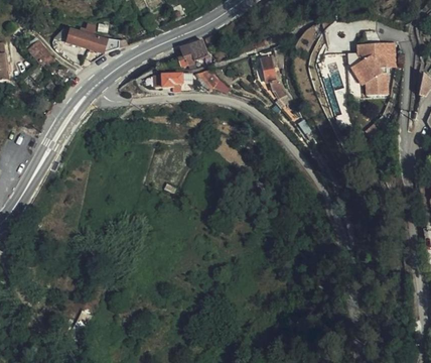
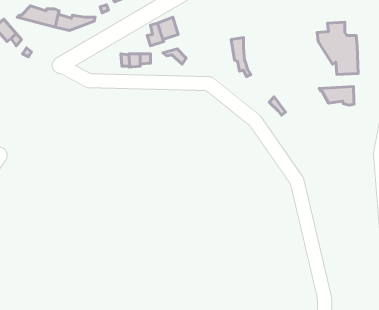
building: [375,41,397,66] -> none
building: none -> [319,86,354,105]

